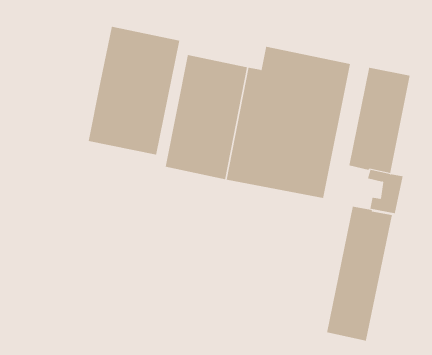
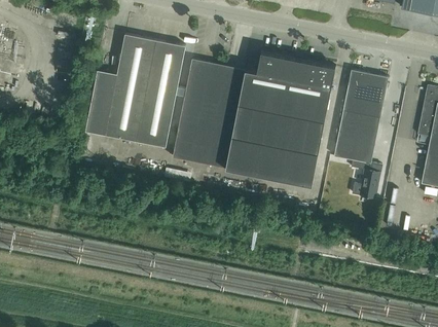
building: none -> [85,80,115,135]
building: [326,206,392,342] -> none

